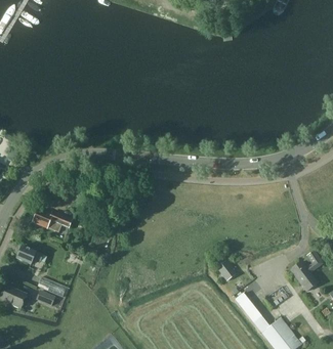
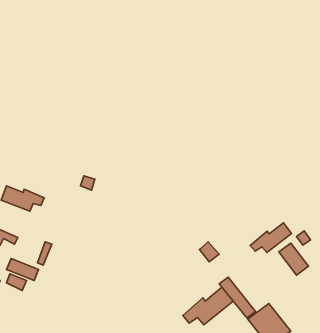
building: none -> [250,223,292,253]
building: none -> [183,287,233,325]

